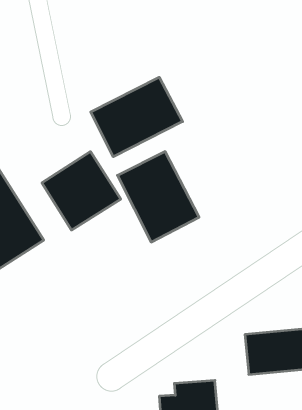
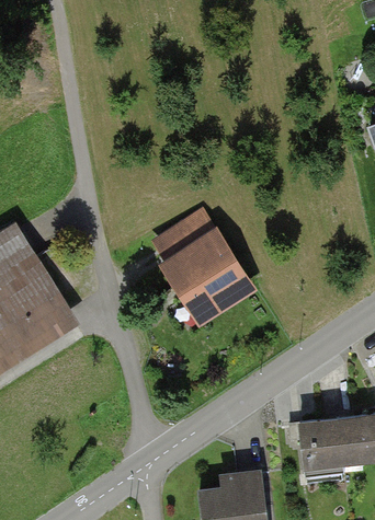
building: [91,77,183,157] -> none
building: [42,152,121,230] -> none

